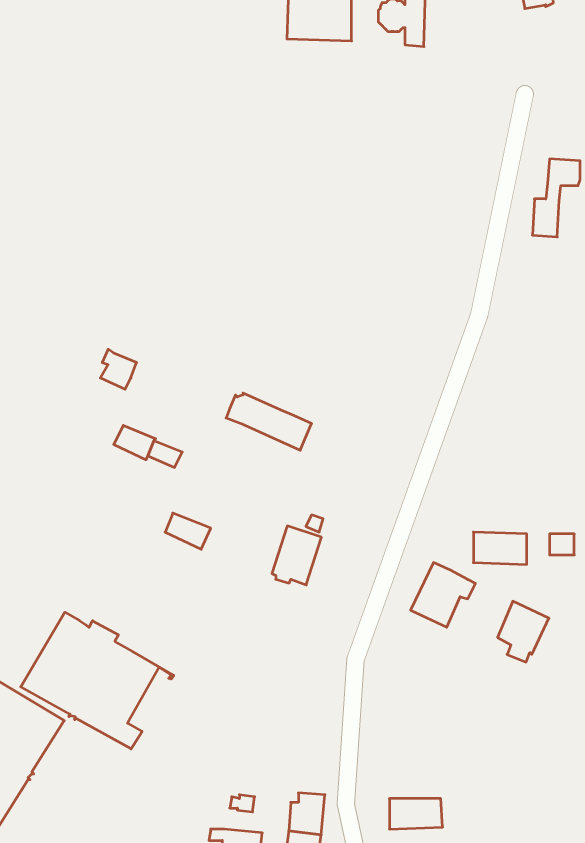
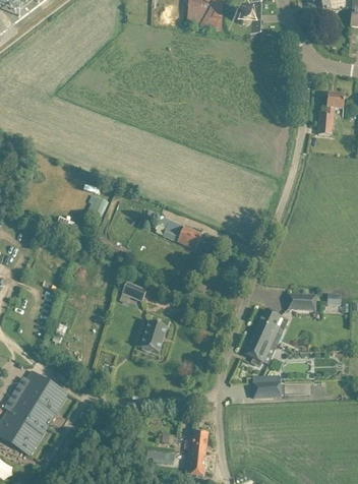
building: [272,526,321,585] -> [139,319,166,351]
building: [498,601,549,662] -> [244,332,272,365]
building: [21,612,174,749] -> none
building: [389,799,443,829] -> [251,379,280,396]

